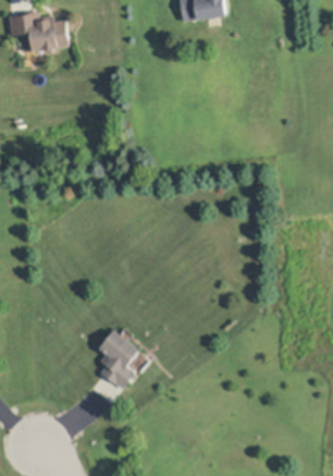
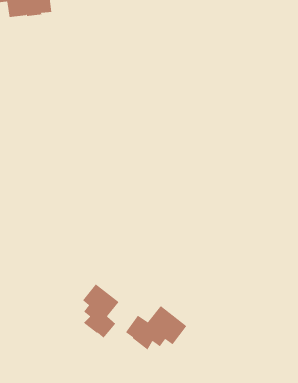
building: none -> [125,305,187,351]

